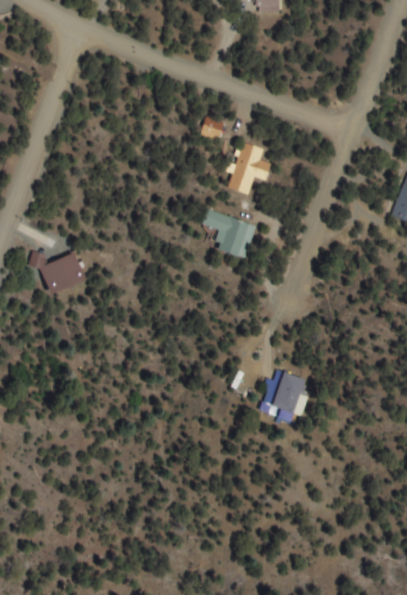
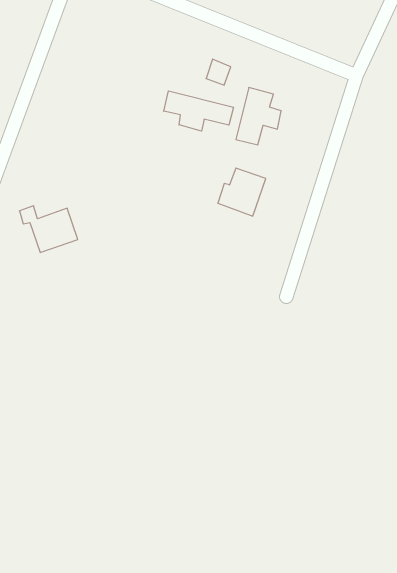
building: none -> [164,91,234,131]
building: [264,371,306,416] -> none

